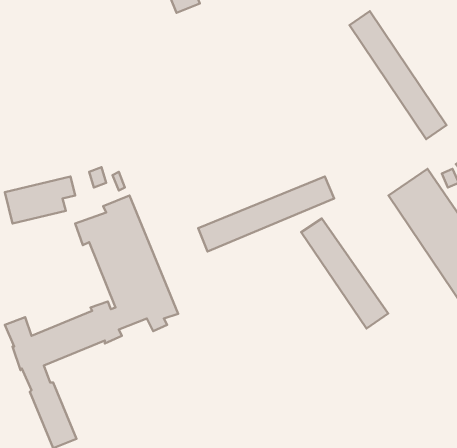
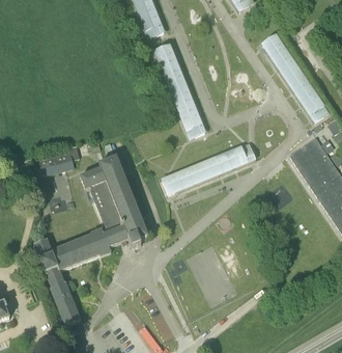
building: none -> [154,45,203,135]
building: [301,218,388,329] -> none

